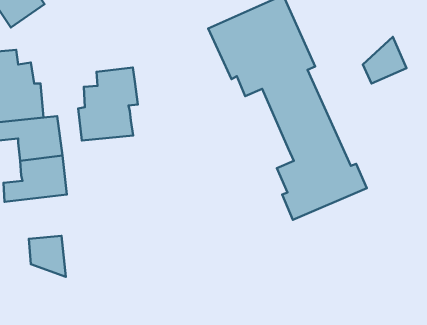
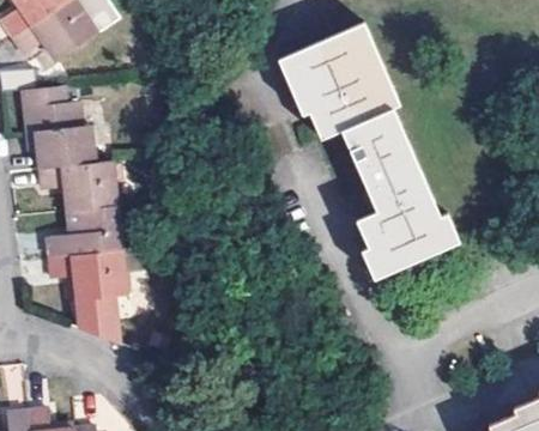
building: [363,37,406,83] -> none
building: [78,67,138,141] -> none
building: none -> [49,249,125,299]

